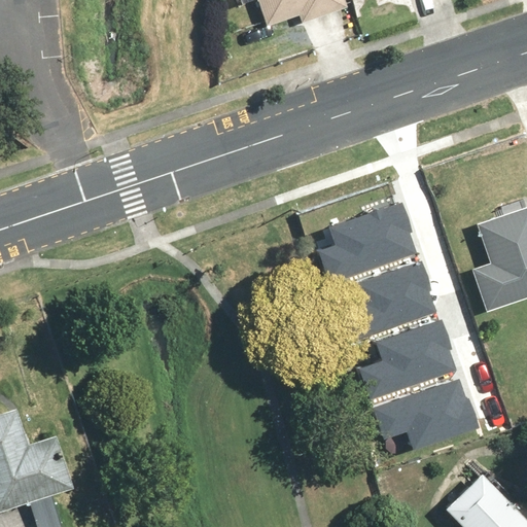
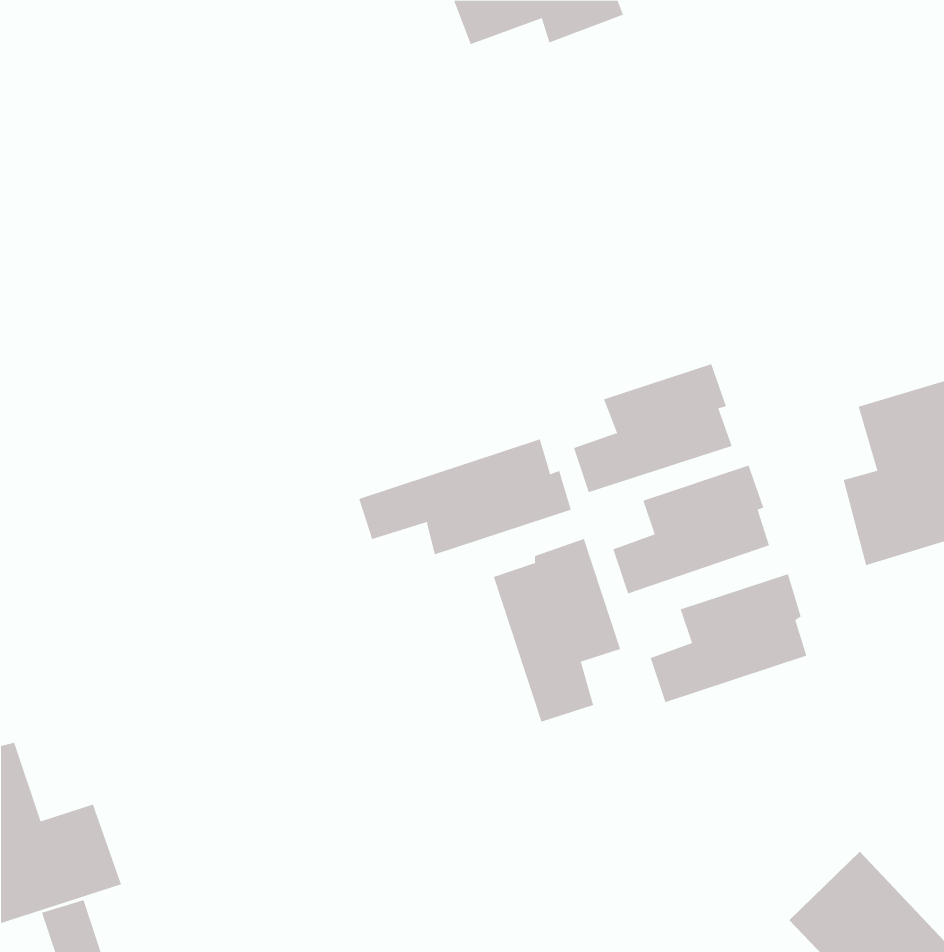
building: none -> [359,439,572,555]
building: none -> [493,538,621,723]
building: [379,379,475,443] -> none

